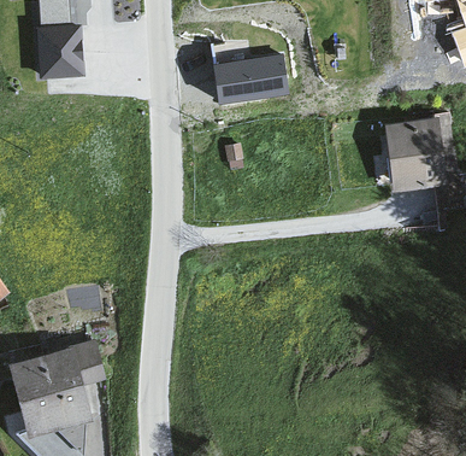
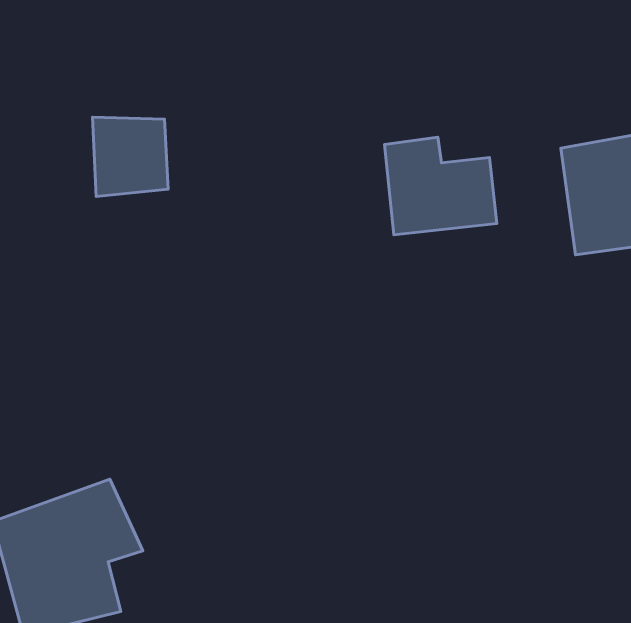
building: [37,31,87,83] -> [93,117,168,196]
building: [220,41,294,105] -> [385,137,497,235]

